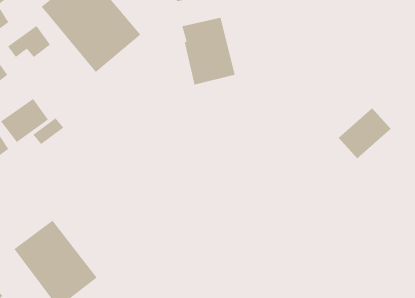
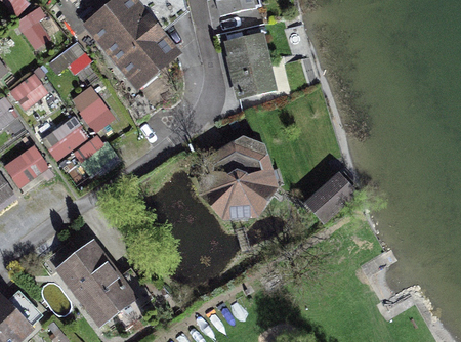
building: none -> [73,85,115,134]
building: [338,108,392,159] -> [303,170,358,222]
building: none -> [202,141,278,218]

